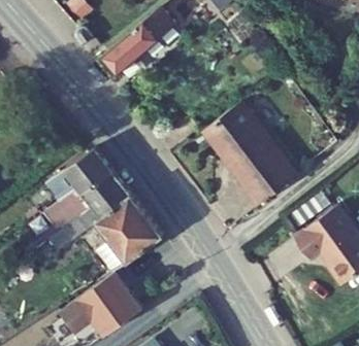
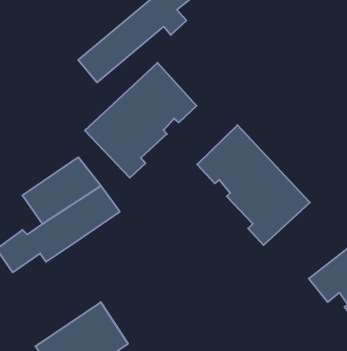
building: none -> [85,63,197,178]
building: [88,189,161,261] -> none

